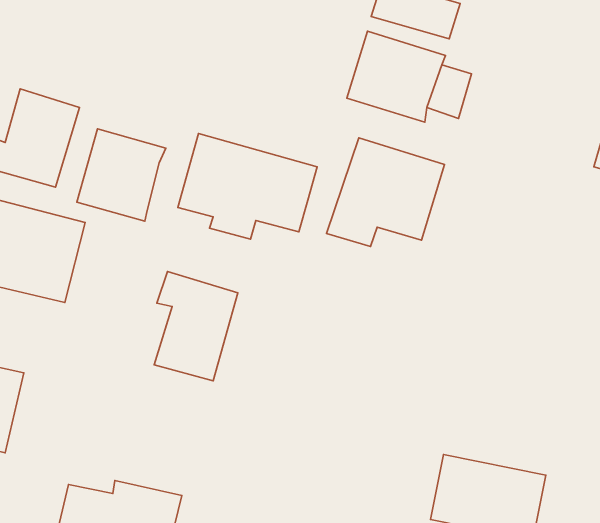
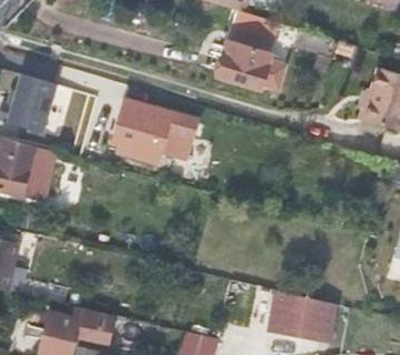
building: [77,129,166,221] -> none
building: [326,138,444,247] -> none
building: [154,271,238,381] -> none

